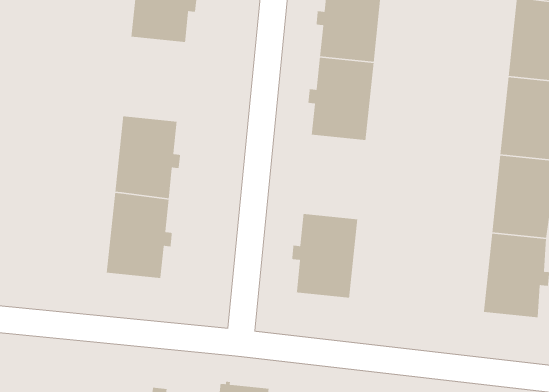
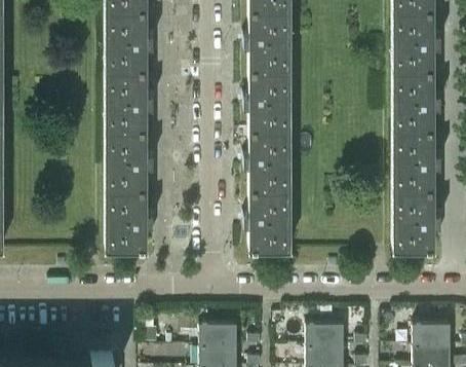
building: none -> [105,70,152,130]
building: none -> [243,130,290,189]

